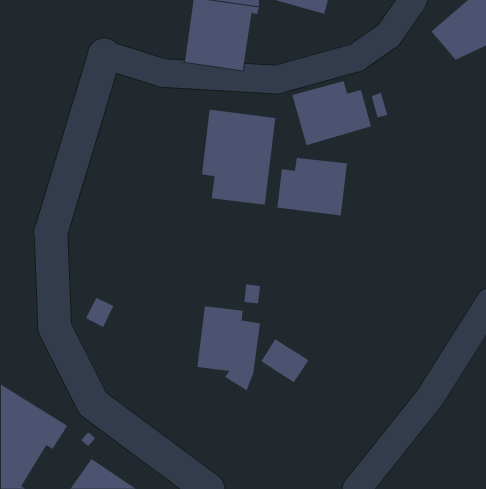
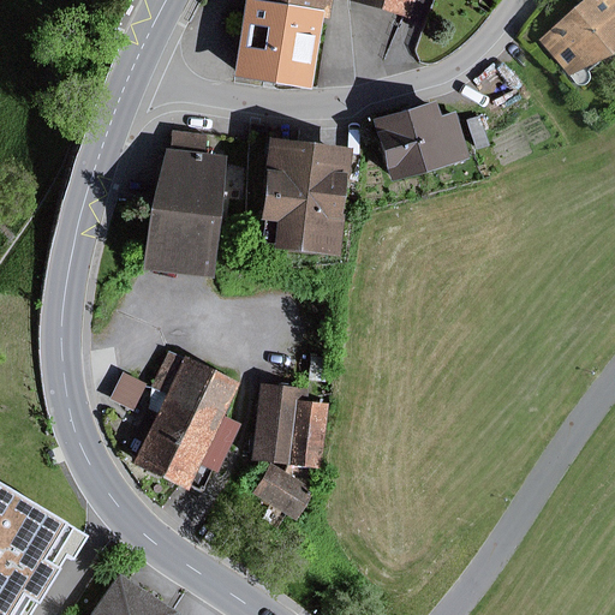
building: none -> [137,130,227,280]
building: [277,157,347,216] -> none
building: none -> [132,348,241,490]
building: [260,338,309,383] -> [253,462,315,519]

